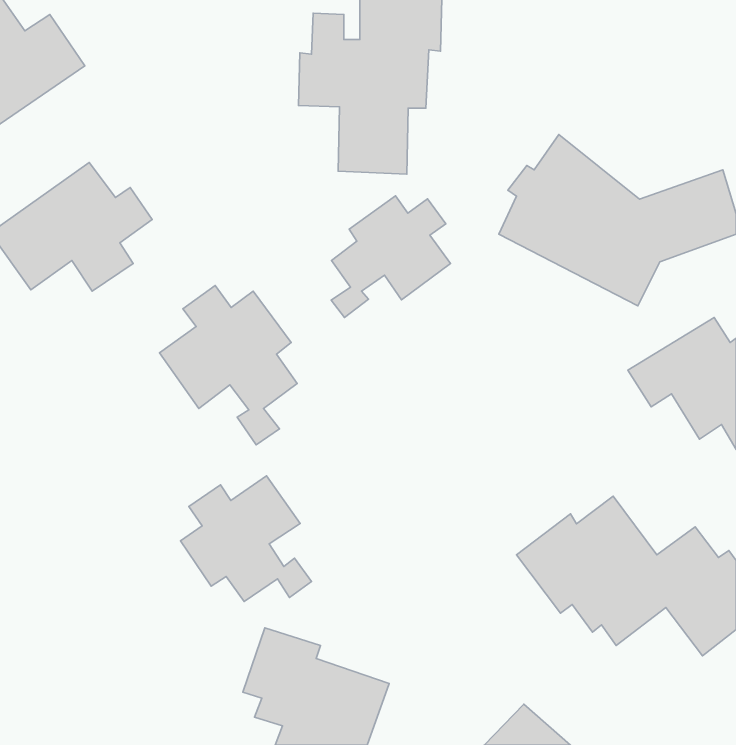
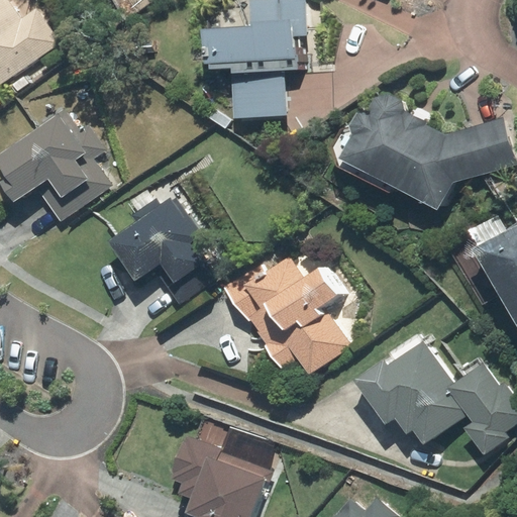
building: [331,196,451,318] -> none
building: none -> [224,258,347,377]
building: [180,476,312,601] -> none

